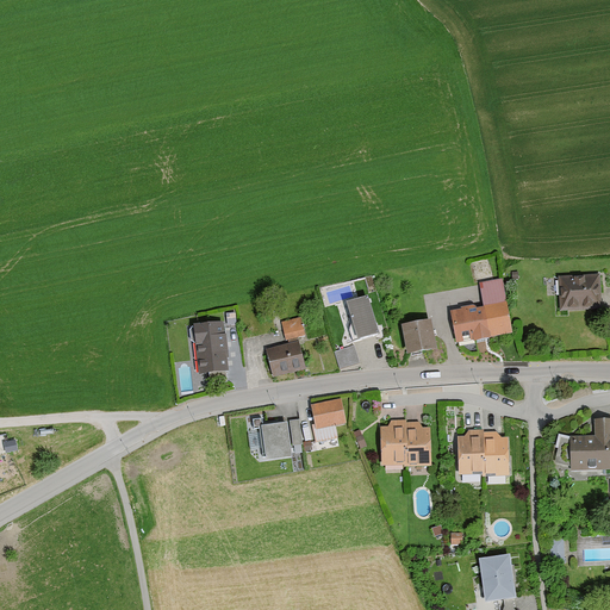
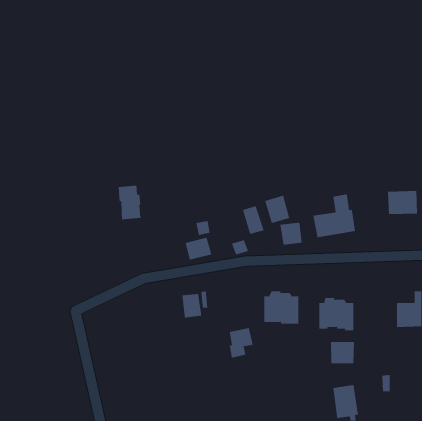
building: none -> [264,195,290,224]
building: [194,322,228,372] -> [118,185,141,220]
building: [310,398,346,442] -> [229,328,254,358]
building: none -> [331,341,354,364]

